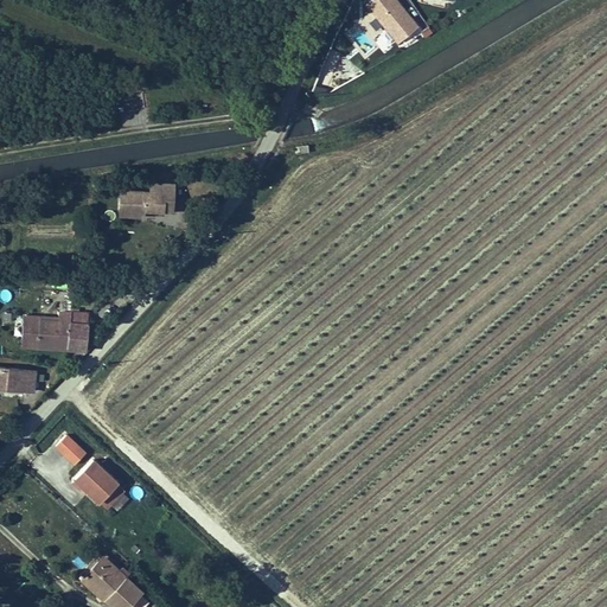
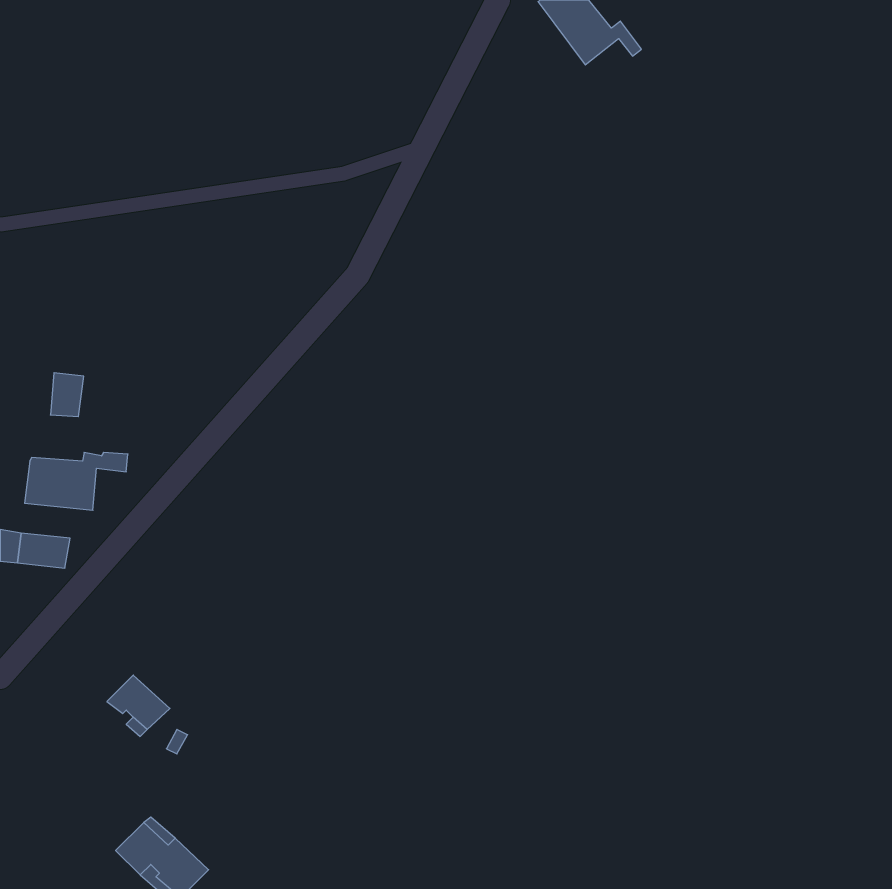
building: [122,189,178,219] -> none
building: [65,321,88,351] -> [50,373,84,417]
building: [55,435,89,468] -> none

